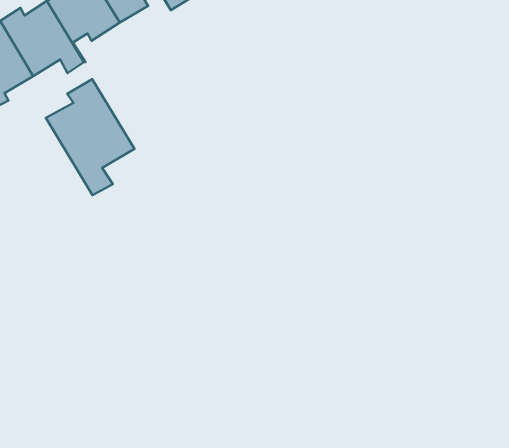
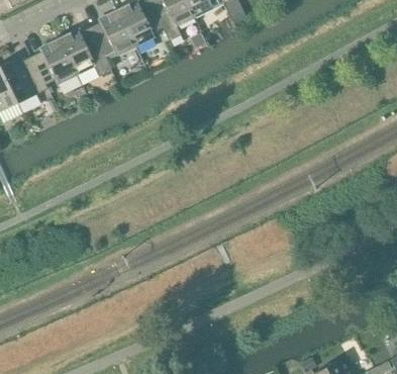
building: [46,79,134,195] -> none

